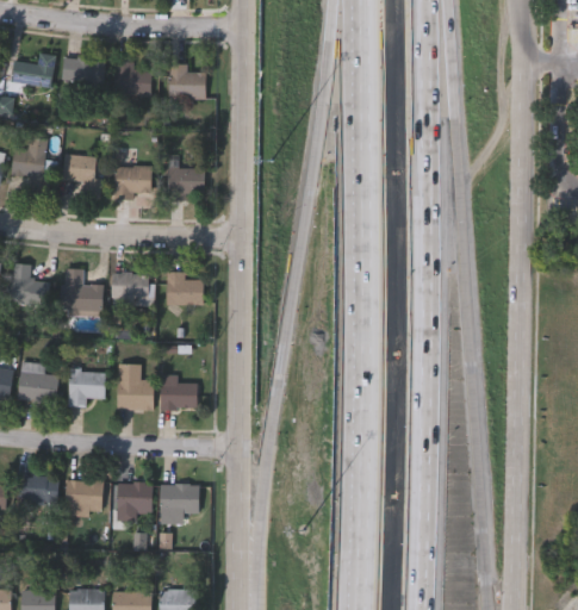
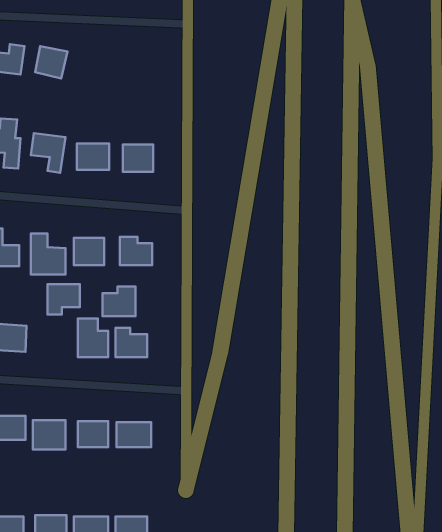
building: [114,62,153,97] -> none
building: [169,64,206,99] -> none
building: none -> [103,287,135,316]
building: [69,372,106,406] -> [47,284,80,315]

